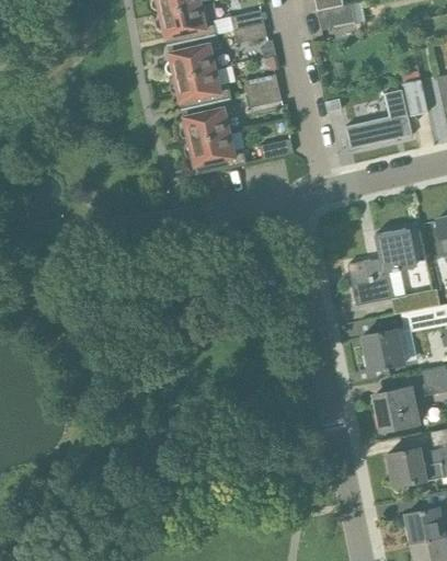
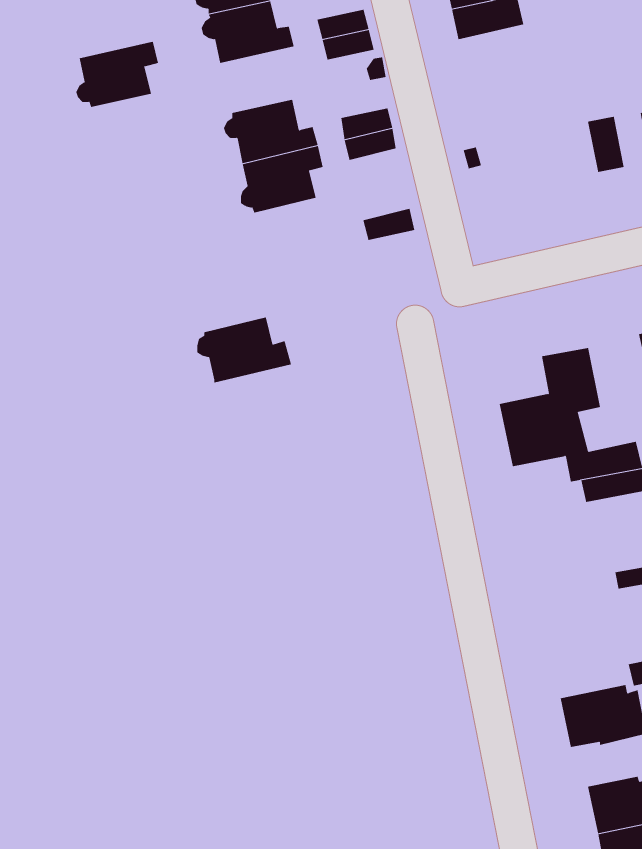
building: [165,35,219,78] -> [75,41,159,107]
building: [345,90,413,150] -> none
building: [185,133,247,175] -> [197,317,292,383]
building: [363,329,403,370] -> none
building: [375,386,424,431] -> none

